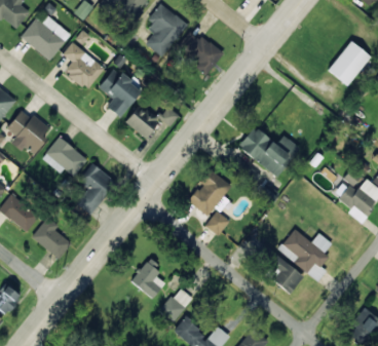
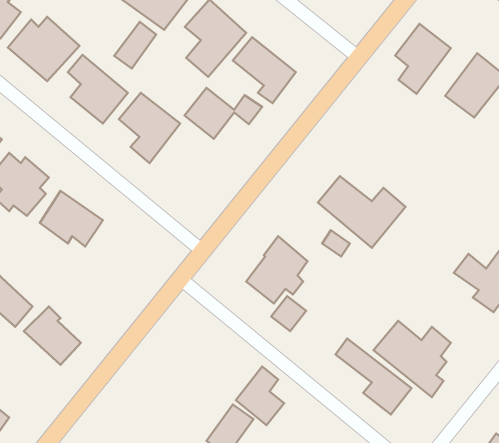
building: none -> [114,22,156,68]
building: none -> [395,24,451,94]
building: [125,102,180,138] -> [185,88,262,139]
building: [76,162,116,214] -> none
building: [131,257,165,298] -> [236,366,284,425]

